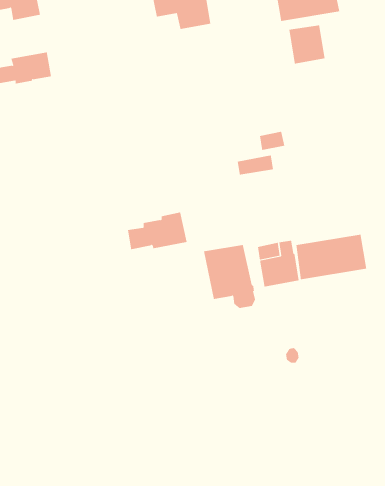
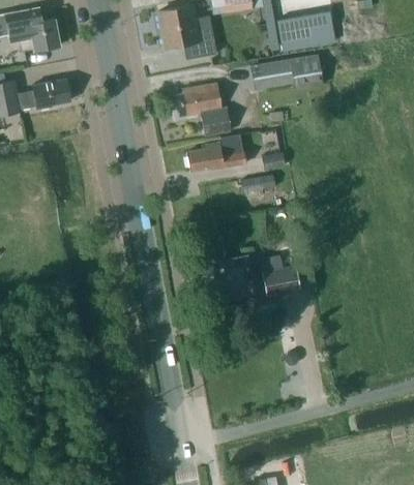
building: none -> [252,59,293,90]
building: none -> [176,83,232,134]
building: [127,212,188,250] -> [189,134,245,170]
building: [296,234,367,280] -> none

